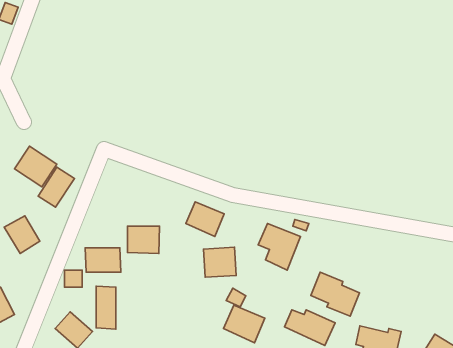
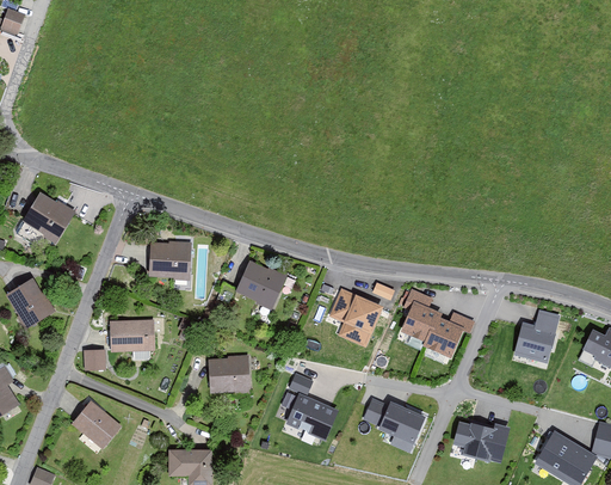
building: [38,167,74,207] -> none
building: [128,226,160,254] -> [150,242,191,277]
building: none -> [514,314,560,364]
building: [203,247,236,277] -> [209,356,251,394]
building: [311,272,360,316] -> [402,301,464,357]
building: [96,286,116,329] -> none

